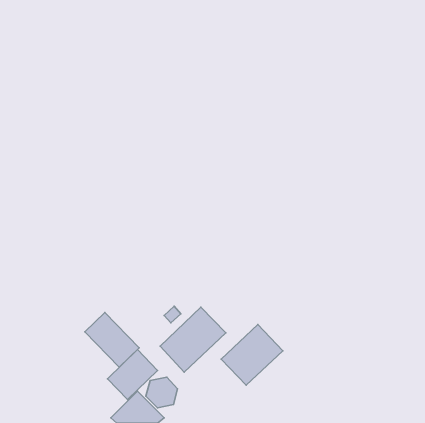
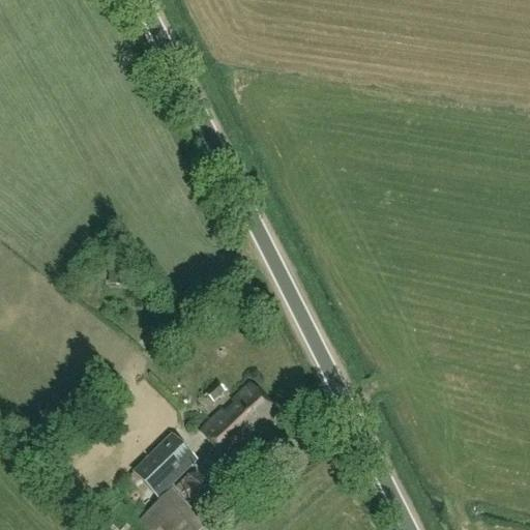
building: [85,312,139,367] -> none
building: [221,324,283,385] -> none

